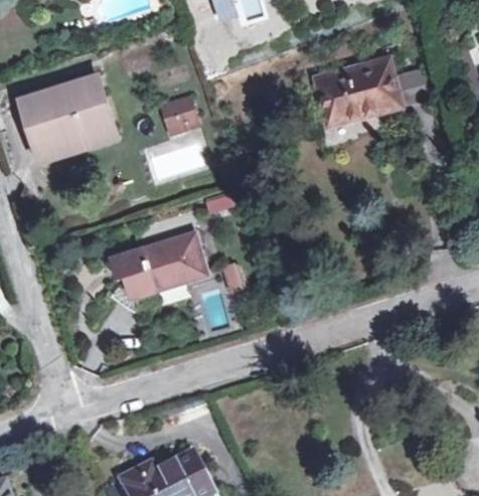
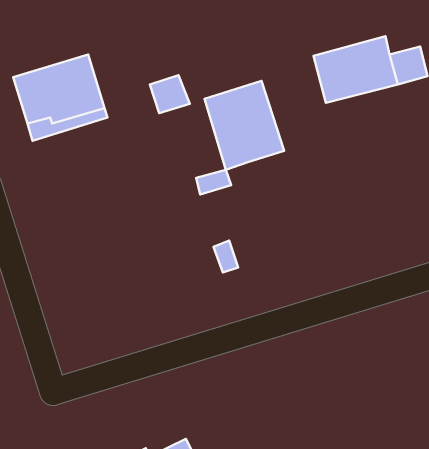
building: none -> [204,81,284,170]
building: [111,231,207,307] -> none

